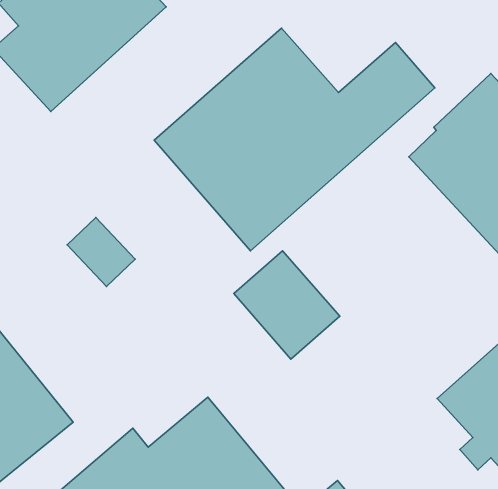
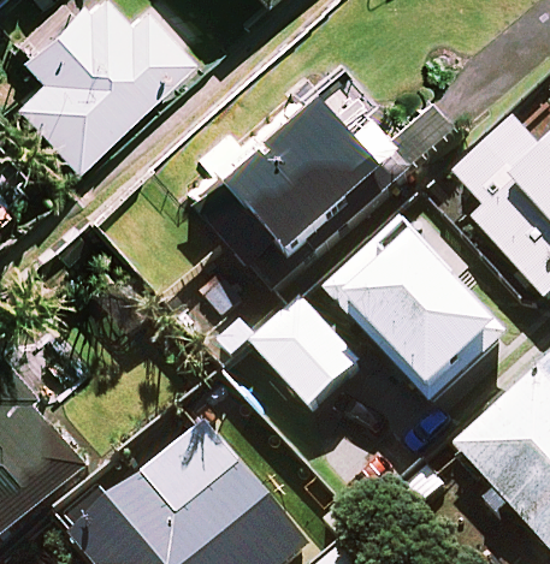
building: none -> [332,208,501,392]

